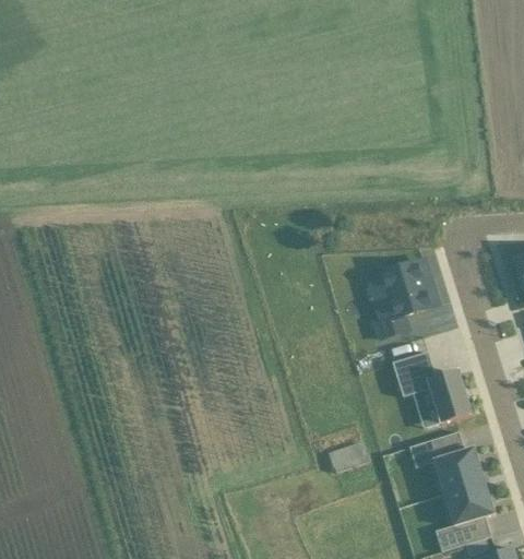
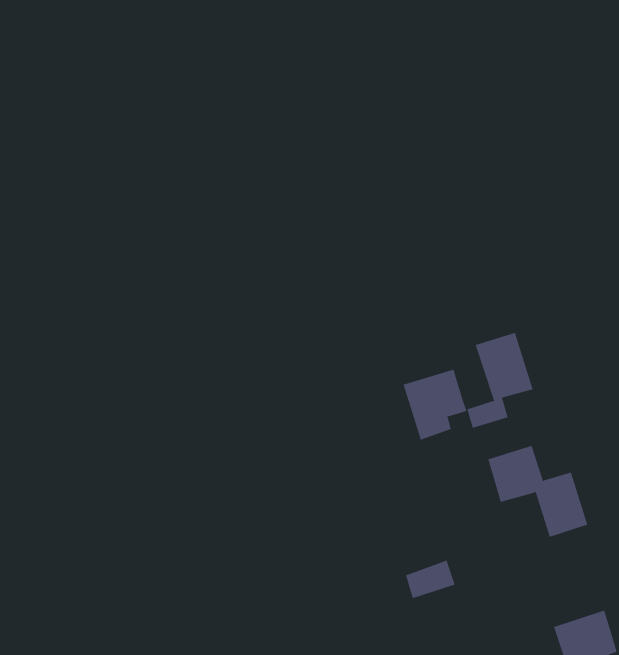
building: none -> [403,369,467,440]
building: [427,431,484,493] -> none

